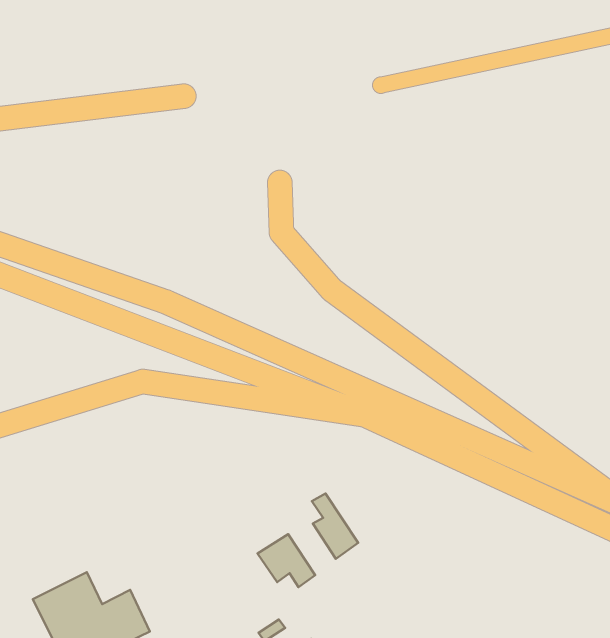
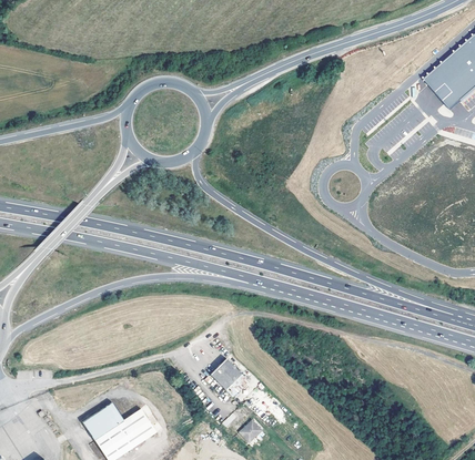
building: [312,493,358,559] -> none

